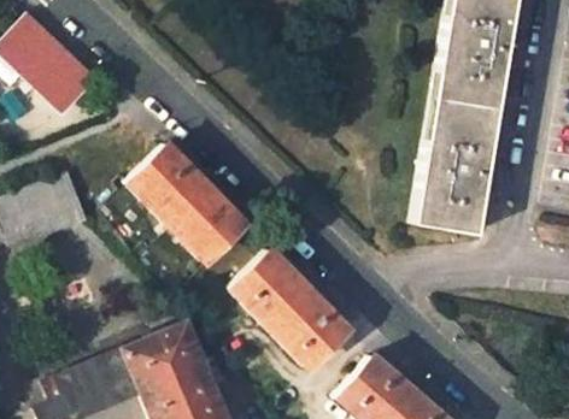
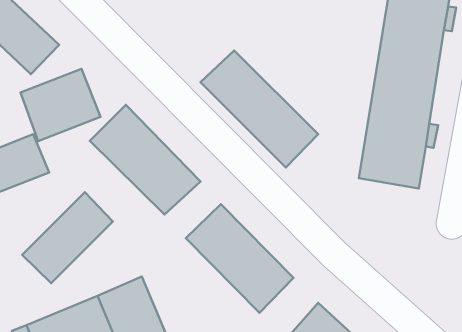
building: none -> [201,50,318,167]
building: none -> [20,69,100,141]
building: none -> [22,192,113,283]

